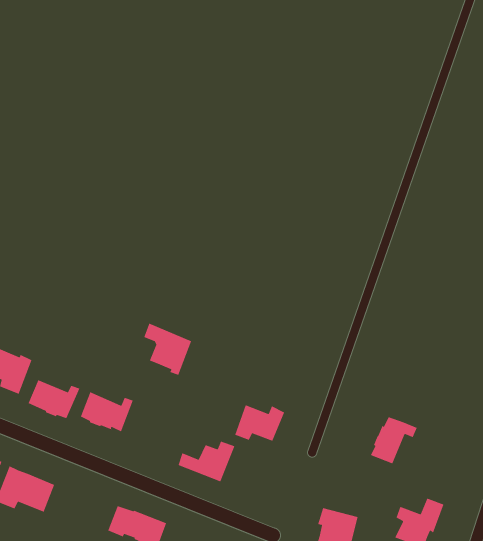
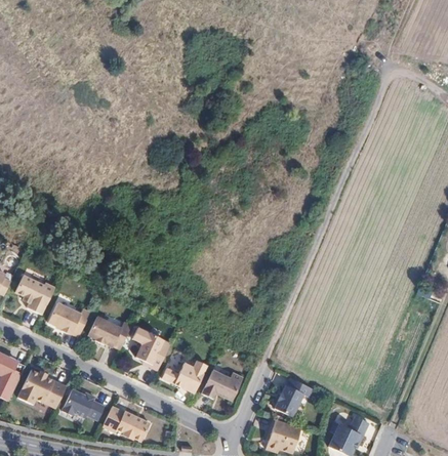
building: [143,323,192,376] -> [132,326,170,369]
building: [234,404,285,442] -> [202,369,243,400]
building: [370,416,418,465] -> [274,377,313,415]
building: none -> [63,387,106,419]

